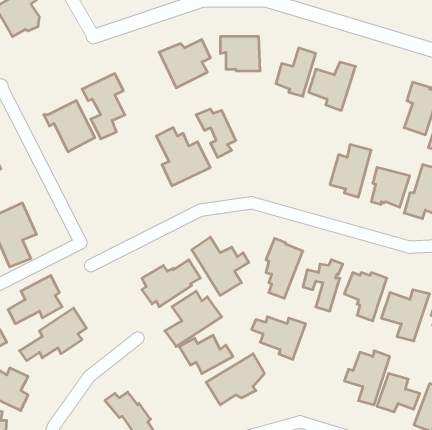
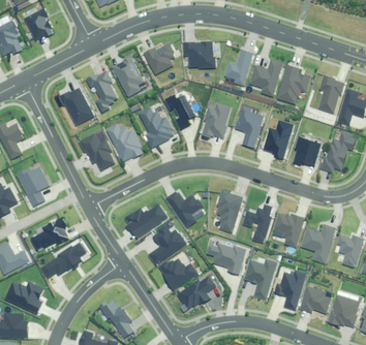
building: none -> [114,59,144,97]
building: none -> [275,65,312,106]
building: none -> [202,102,231,137]
building: none -> [235,105,266,147]
building: none -> [106,122,144,159]
building: none -> [79,133,115,171]
building: none -> [244,258,277,299]

